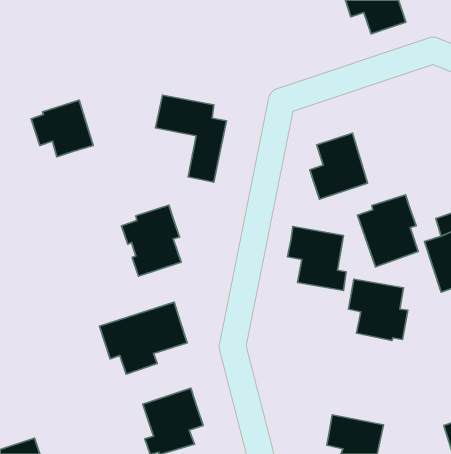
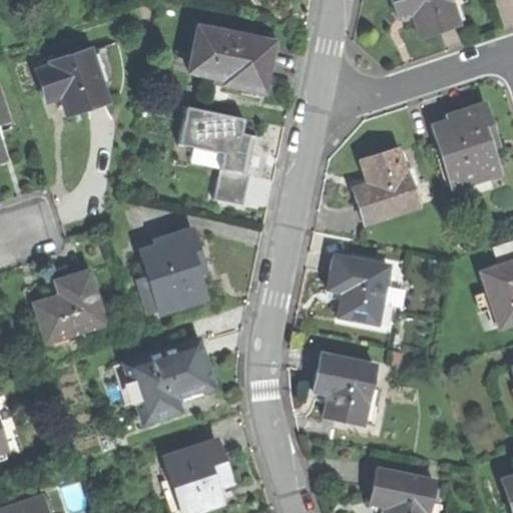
building: none -> [188,27,274,93]
building: [31,100,93,157] -> [38,50,108,114]
building: [358,195,418,267] -> [432,105,500,186]
building: none -> [32,271,106,344]
building: [348,279,408,340] -> [315,356,382,425]

